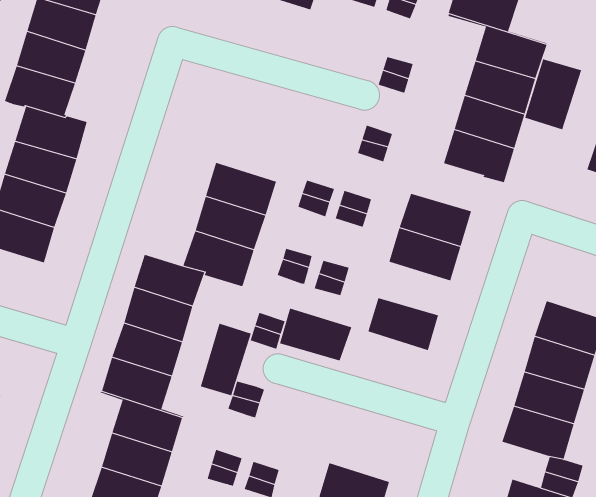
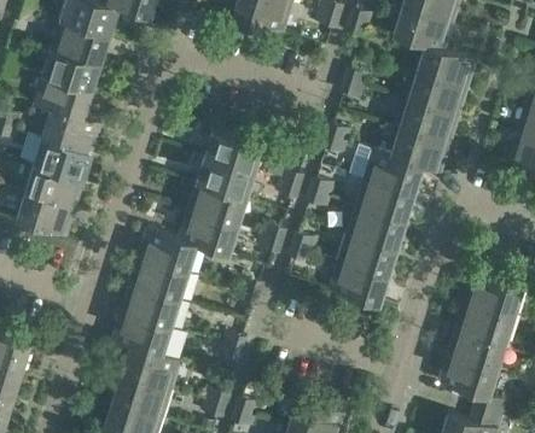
building: [524,59,582,130] -> none
building: none -> [207,127,264,171]
building: none -> [365,150,424,195]
building: [279,308,352,361] -> [338,236,397,280]
building: [200,323,252,396] -> none

